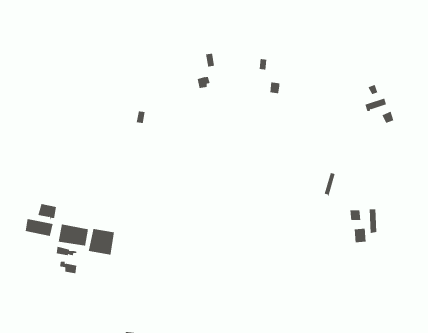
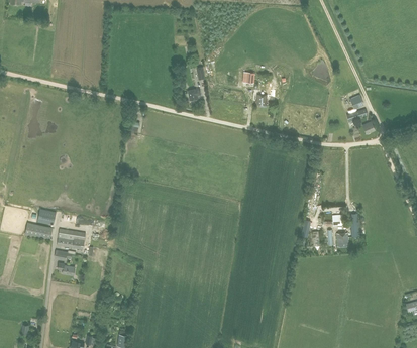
building: [88,228,115,256] -> none

